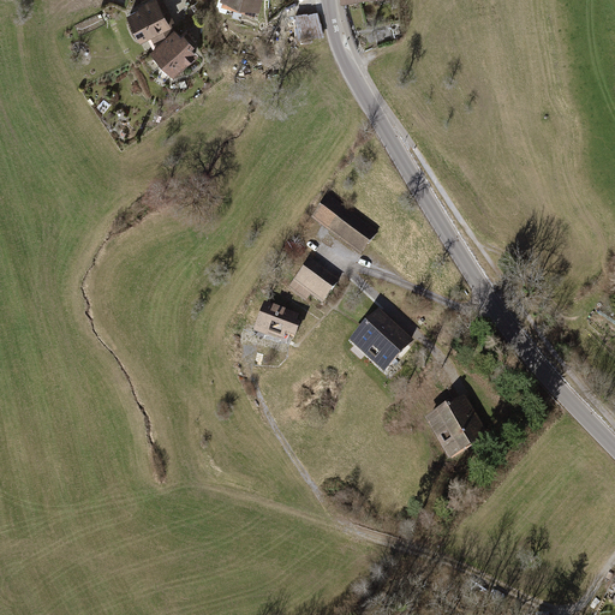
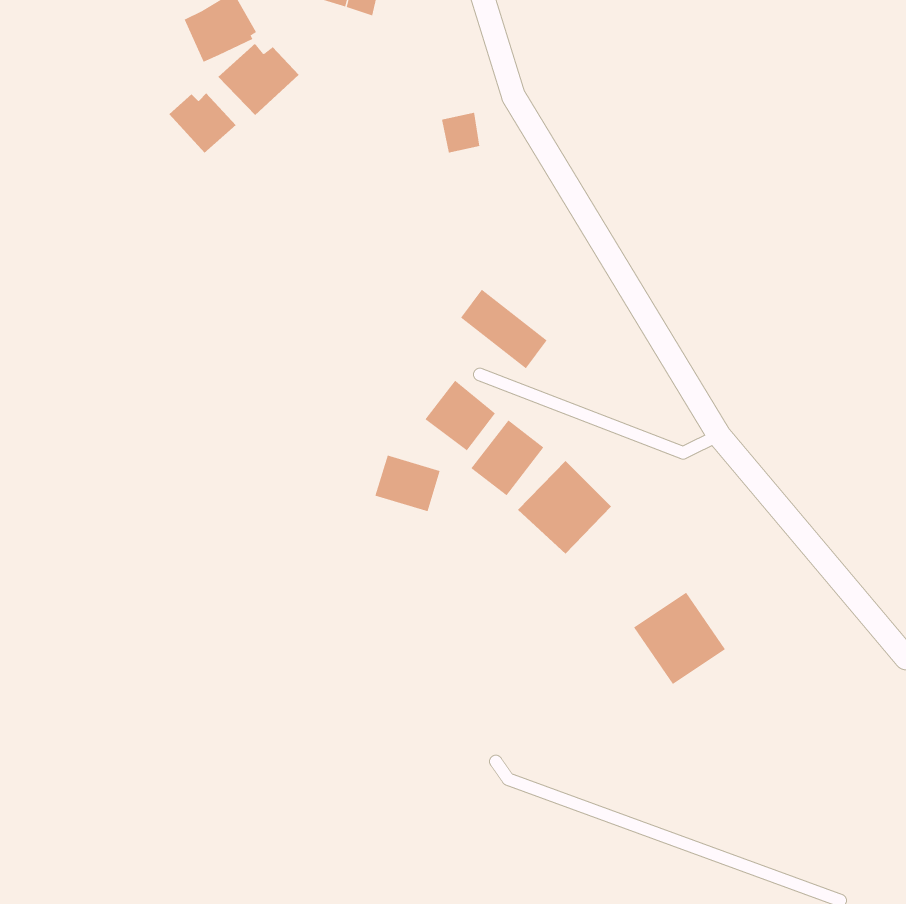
building: [293,5,320,32] -> [441,112,480,153]
building: none -> [168,93,237,153]
building: none -> [471,420,544,496]

